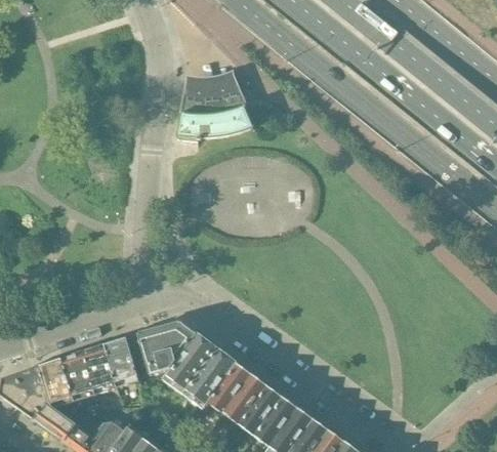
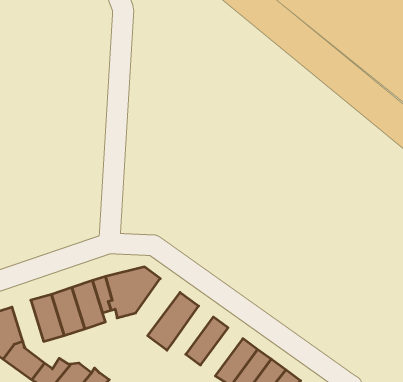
building: [176,81,252,140] -> none
building: [165,334,218,394] -> none
building: [43,357,76,406] -> none
building: [210,363,253,413] -> none
building: [240,385,284,436] -> none

